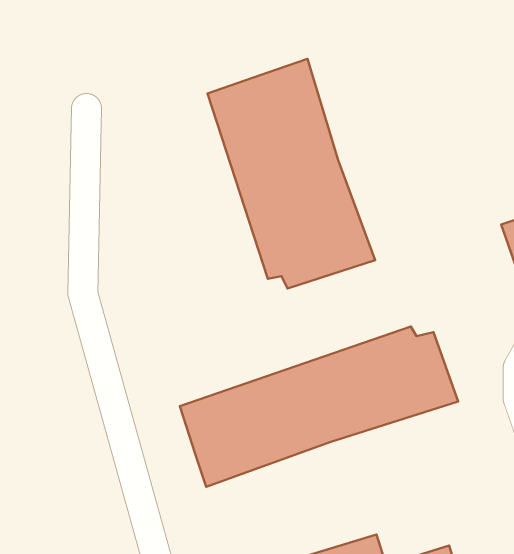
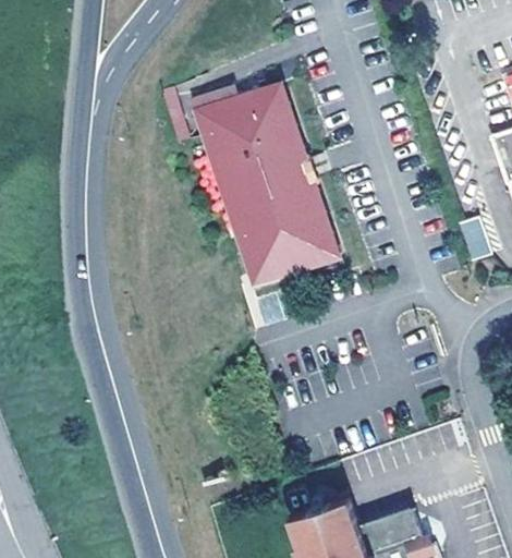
building: [180,327,458,487] -> none

